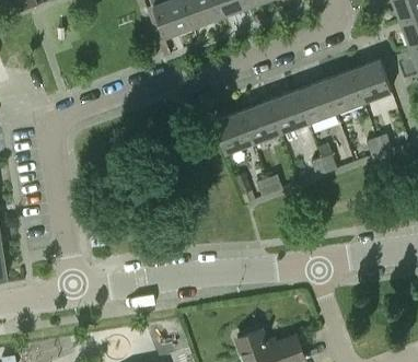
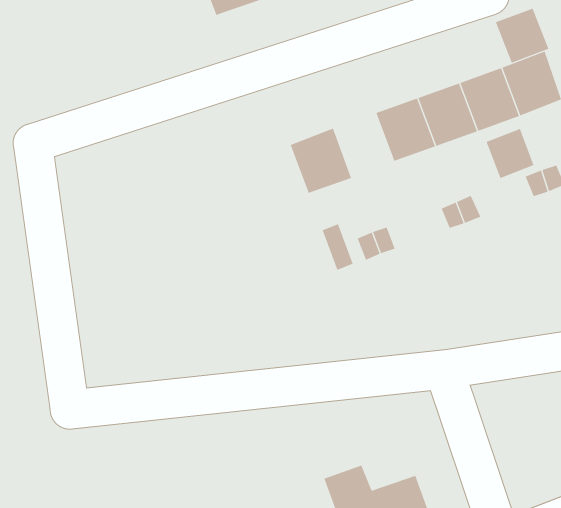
building: none -> [495,8,549,63]
building: [242,101,281,143] -> none
building: none -> [486,128,534,179]

